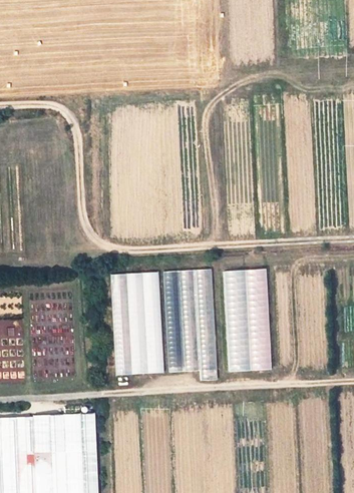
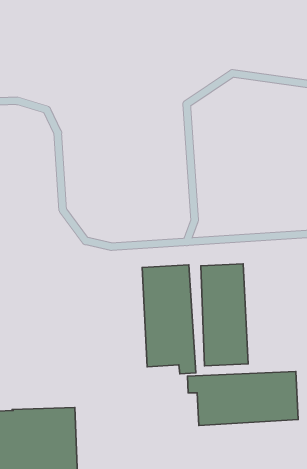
building: [110,273,163,375] -> none
building: none -> [187,371,298,426]

